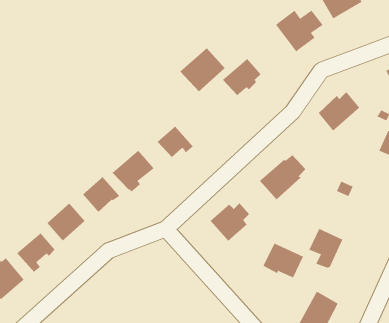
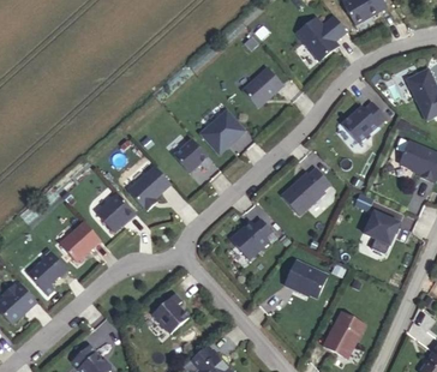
building: [179,47,225,92] -> [202,109,250,156]
building: [309,228,343,268] -> [366,211,402,253]
building: none -> [149,289,185,329]

